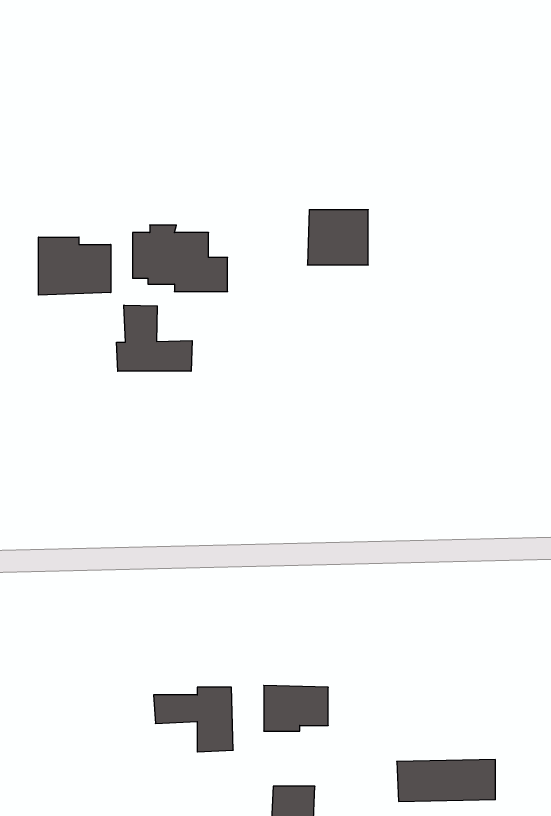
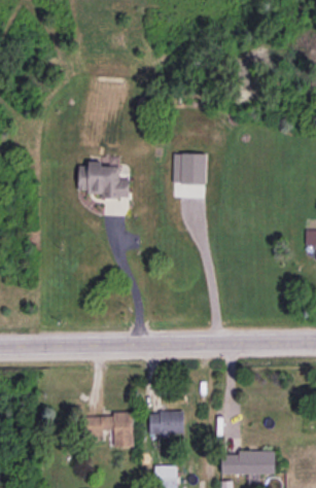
building: [39,237,111,295] -> none
building: [117,305,192,371] -> none

